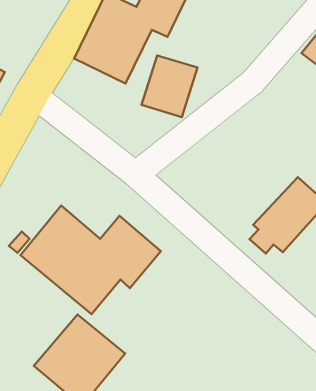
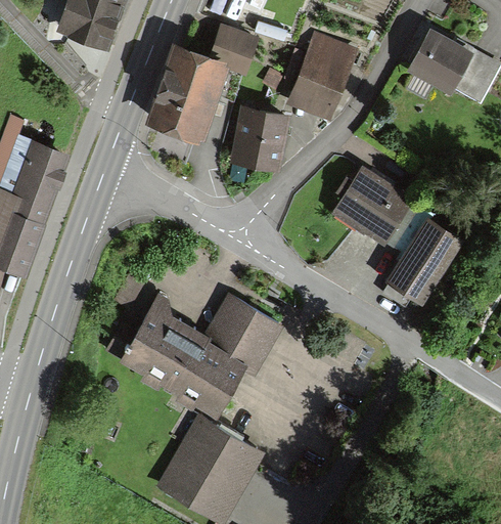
building: none -> [286,37,360,122]
building: none -> [329,166,420,252]

